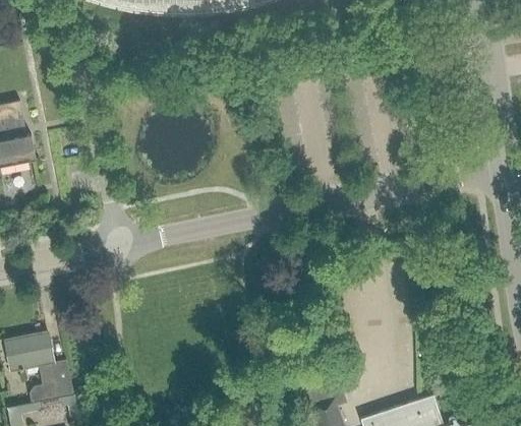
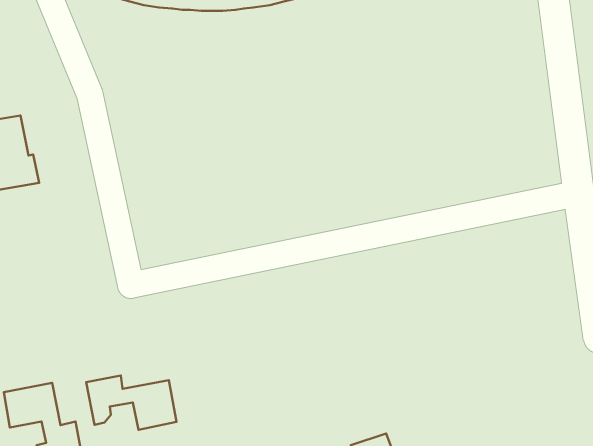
building: none -> [86,375,176,430]

